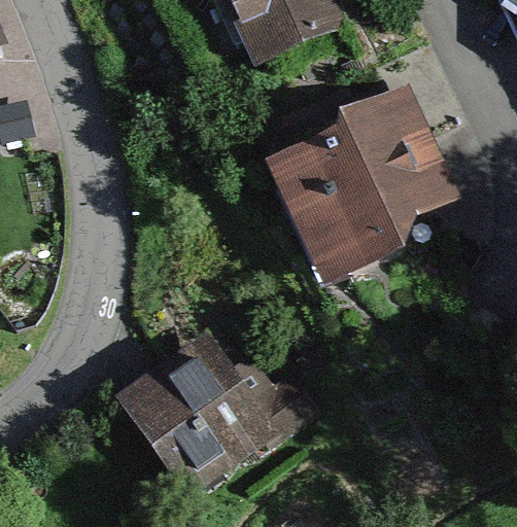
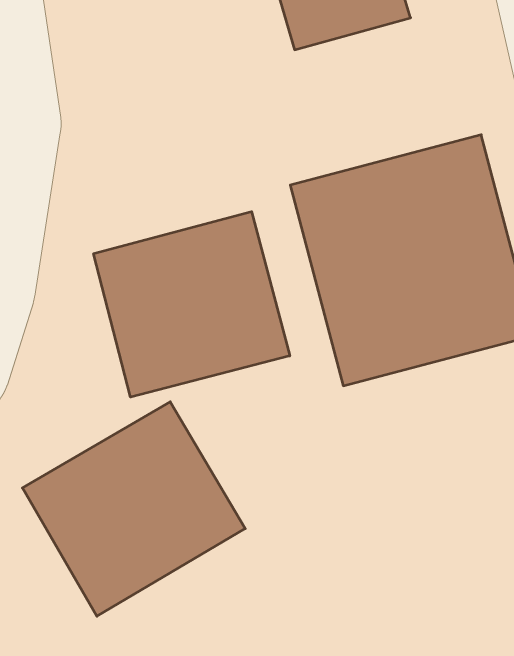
building: none -> [94,212,290,397]

